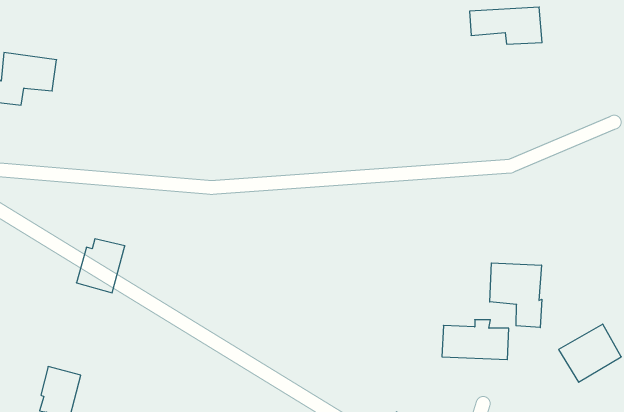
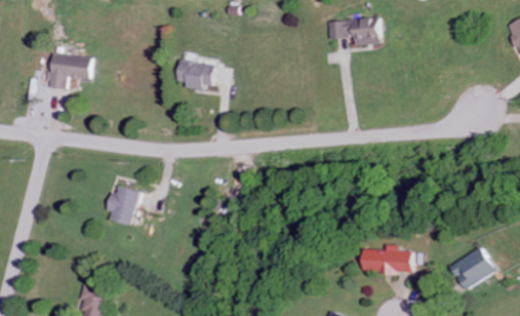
building: [470,7,542,44] -> [327,18,379,45]
building: none -> [174,60,214,90]
building: [490,263,542,328] -> none

